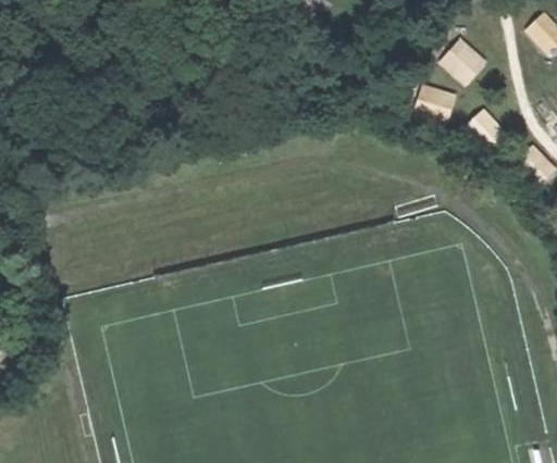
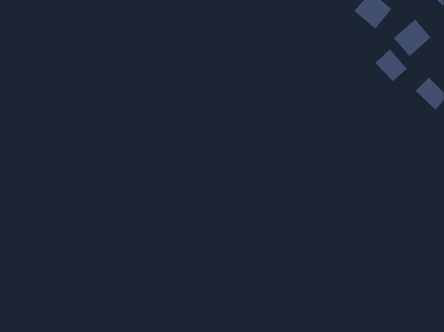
building: none -> [393,19,431,57]
building: [413,86,455,125] -> none

